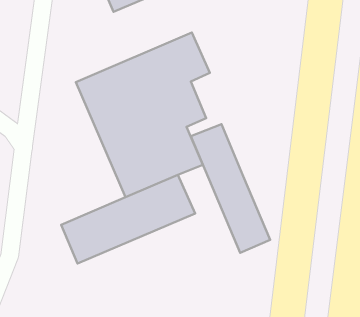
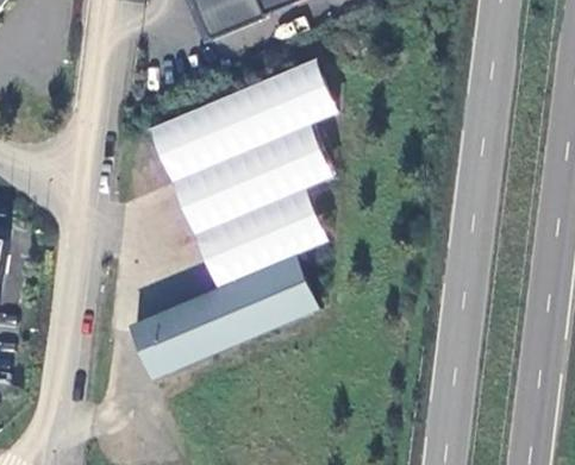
building: [191,124,270,253] -> none

